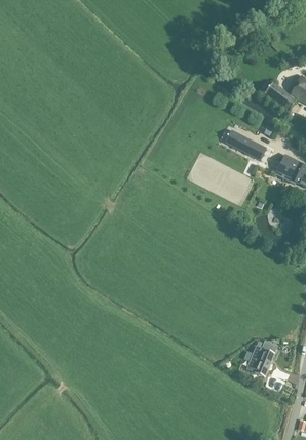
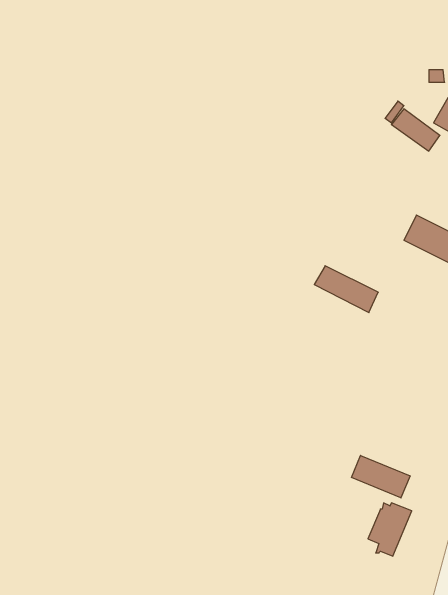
building: [225,129,267,160] -> [314,266,378,313]
building: none -> [352,455,410,498]

